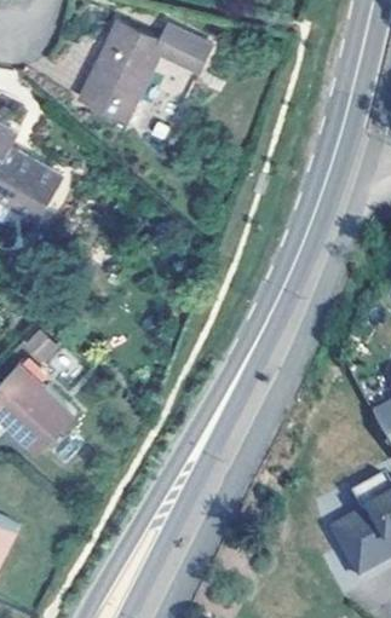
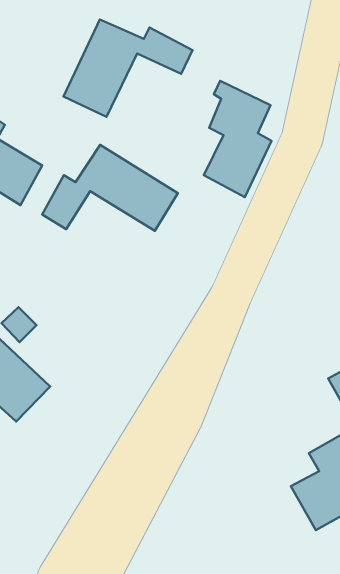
building: none -> [204,81,271,197]
building: none -> [42,145,178,231]

